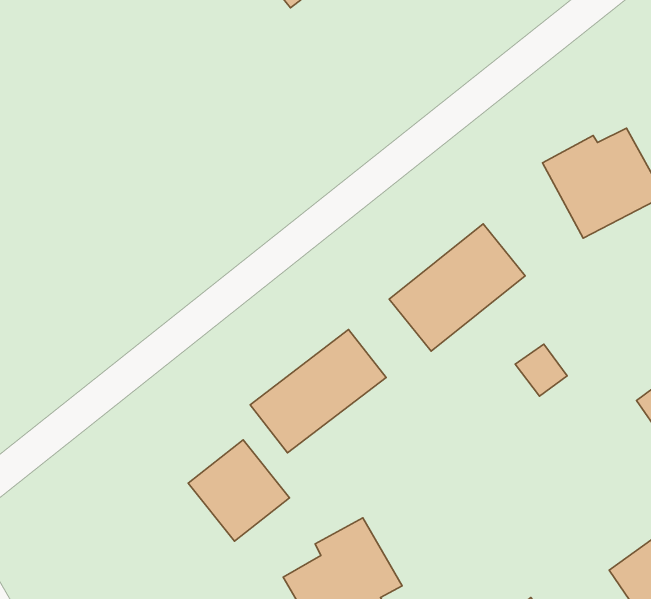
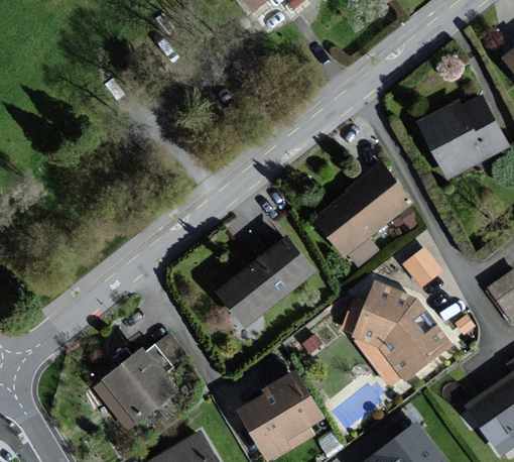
building: none -> [341,282,449,385]
building: [188,440,289,541] -> [104,350,174,421]

